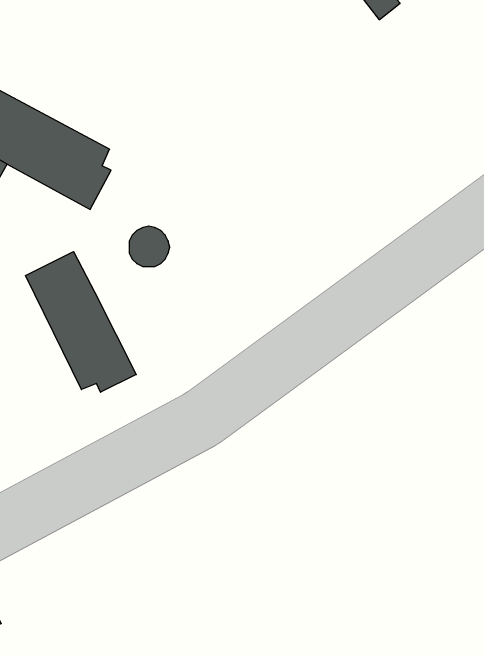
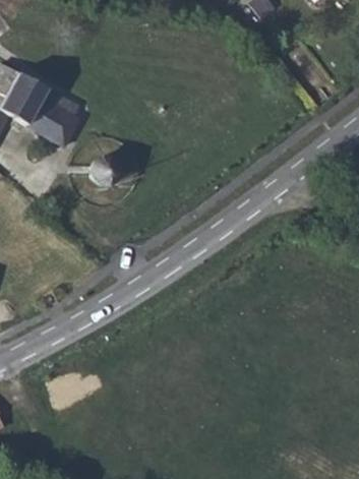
building: [25,252,136,392] -> none

